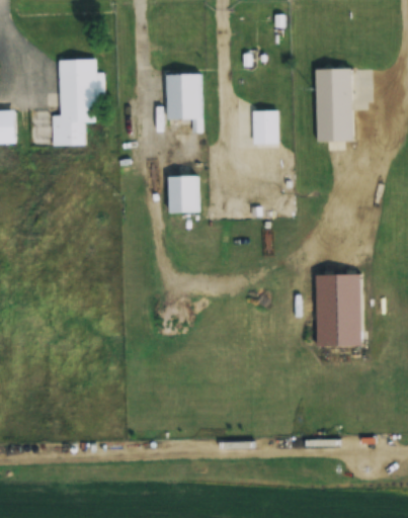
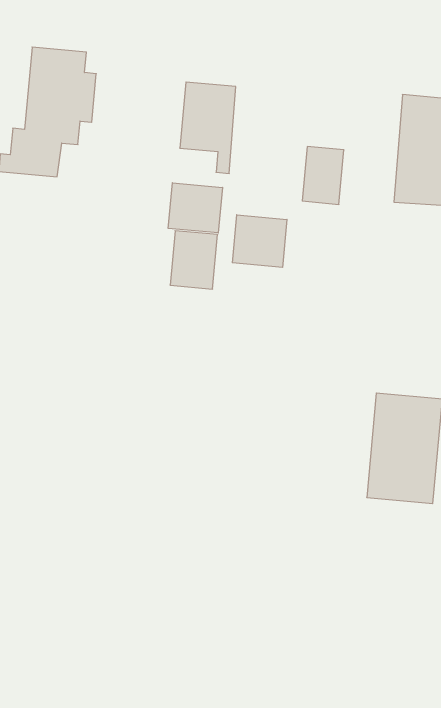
building: none -> [168,183,223,233]
building: none -> [232,215,287,267]

